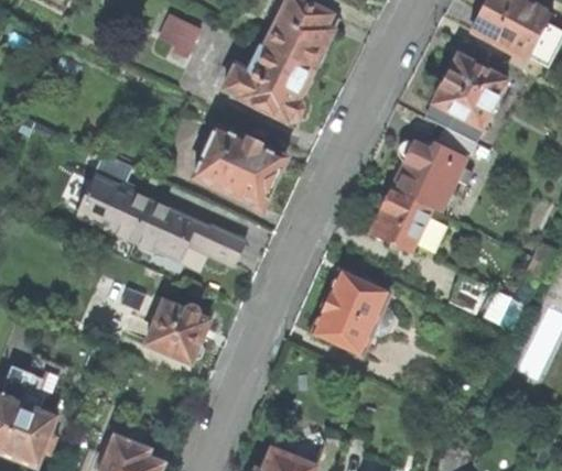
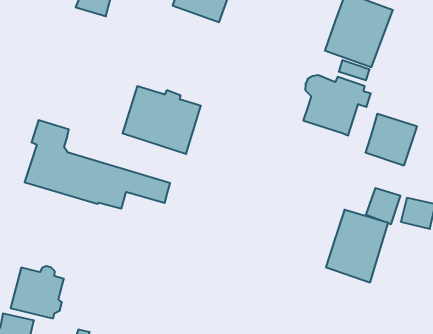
building: [225,42,314,121] -> none
building: [374,188,434,249] -> [365,114,417,165]
building: [314,272,389,355] -> [326,210,388,282]
building: [147,302,209,362] -> [11,266,64,318]

